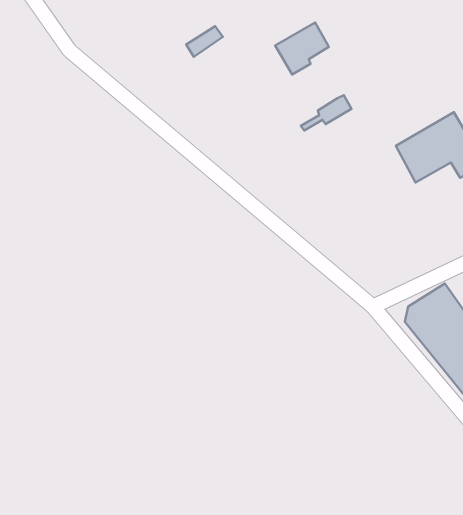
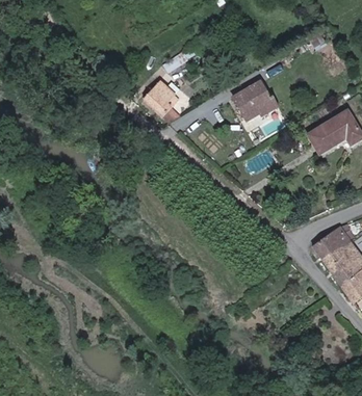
building: [275,22,329,75] -> [231,82,267,117]
building: none -> [141,81,177,123]

